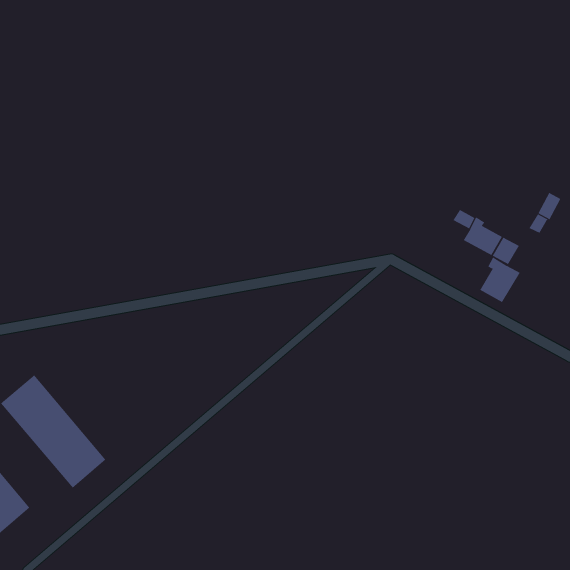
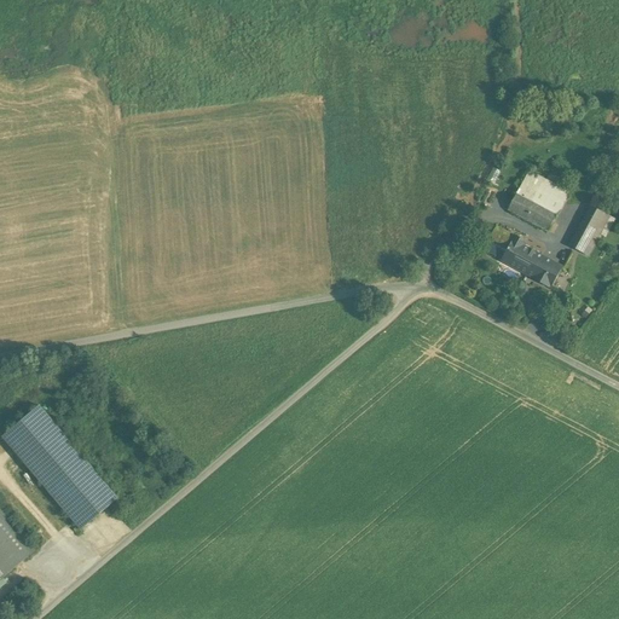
building: none -> [507,172,568,231]
building: [479,257,520,303] -> none

